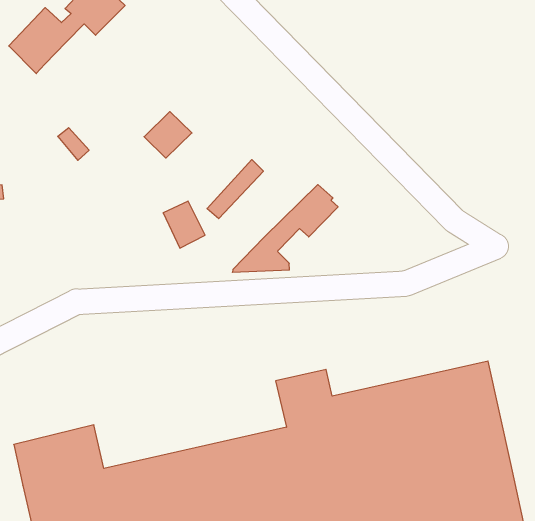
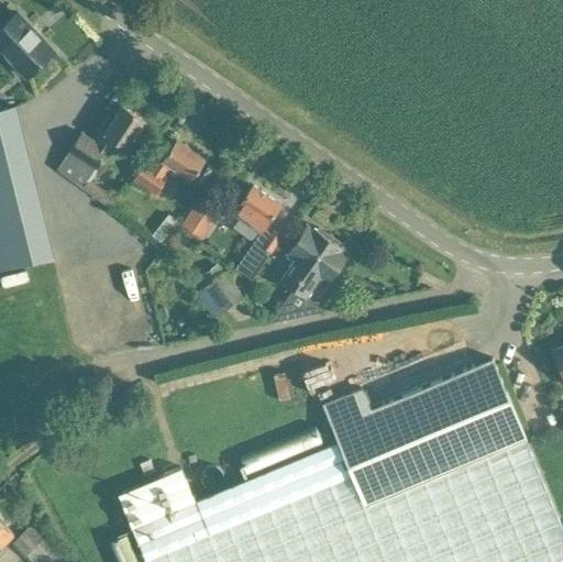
building: none -> [134,142,205,196]
building: none -> [232,185,283,236]
building: none -> [279,228,329,291]

